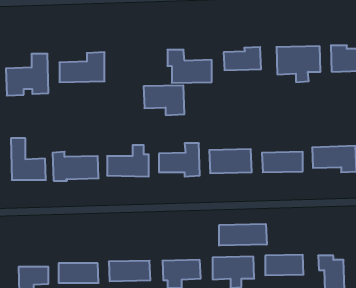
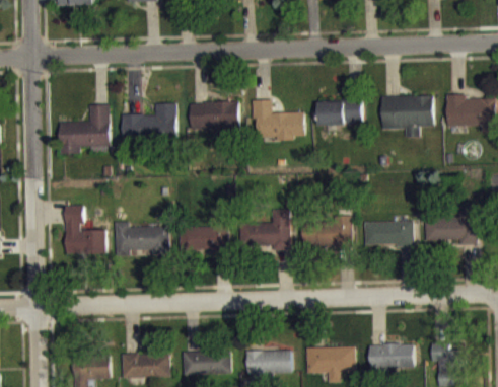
building: [144,85,184,115] -> [189,101,237,137]
building: [219,224,267,246] -> none

